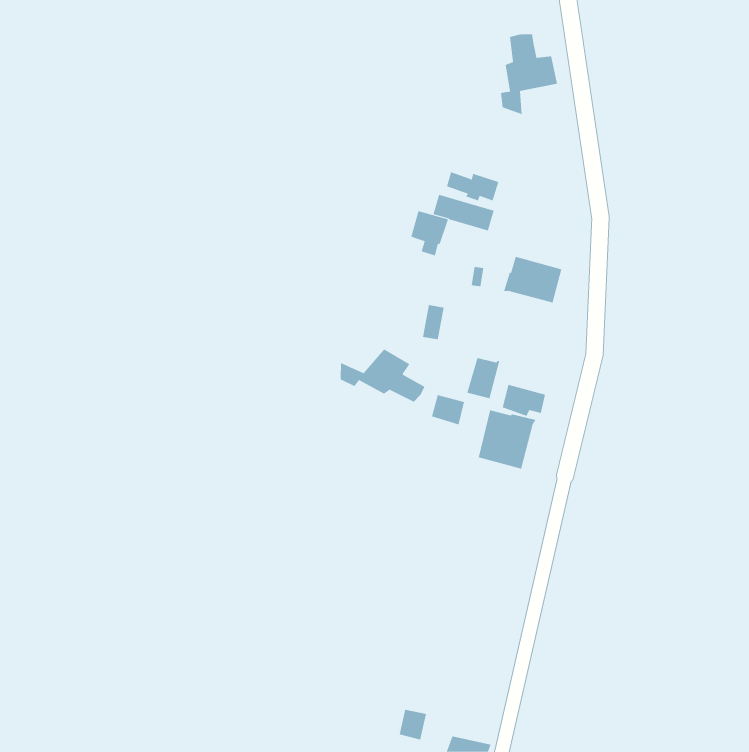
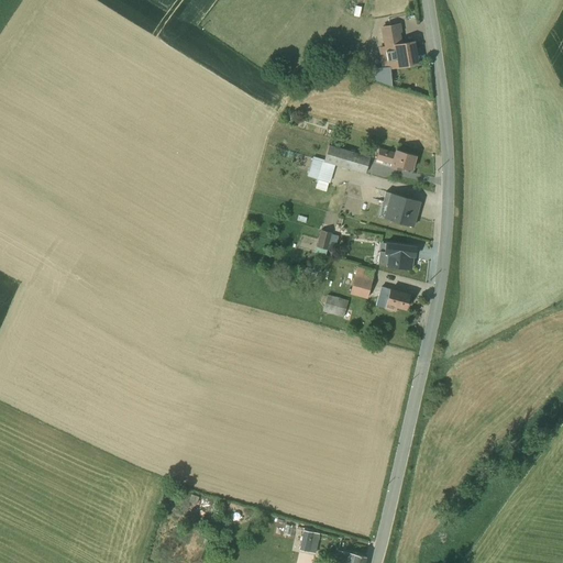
building: [446,172,499,201] -> [377,148,417,170]
building: none -> [378,242,418,271]
building: [340,349,425,402] -> none
building: [478,409,537,469] -> none

